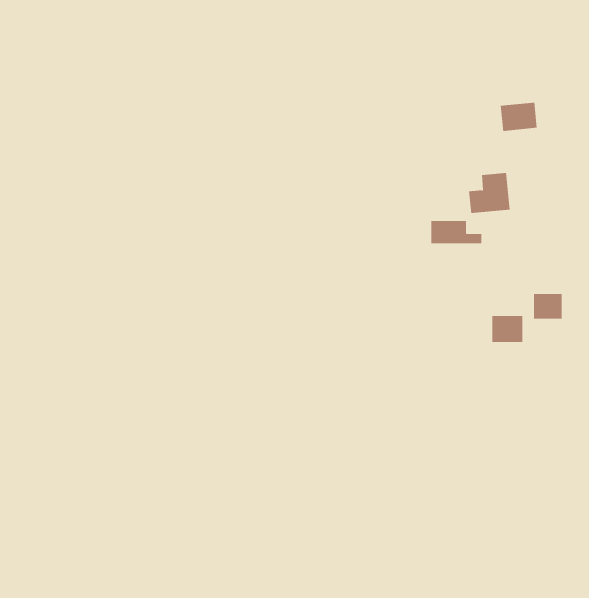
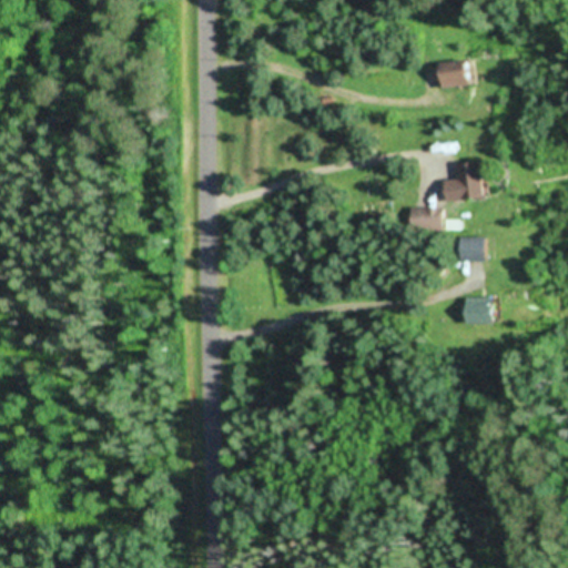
building: [500,102,538,131] -> [435,60,470,88]
building: [533,294,562,319] -> [456,237,484,262]

